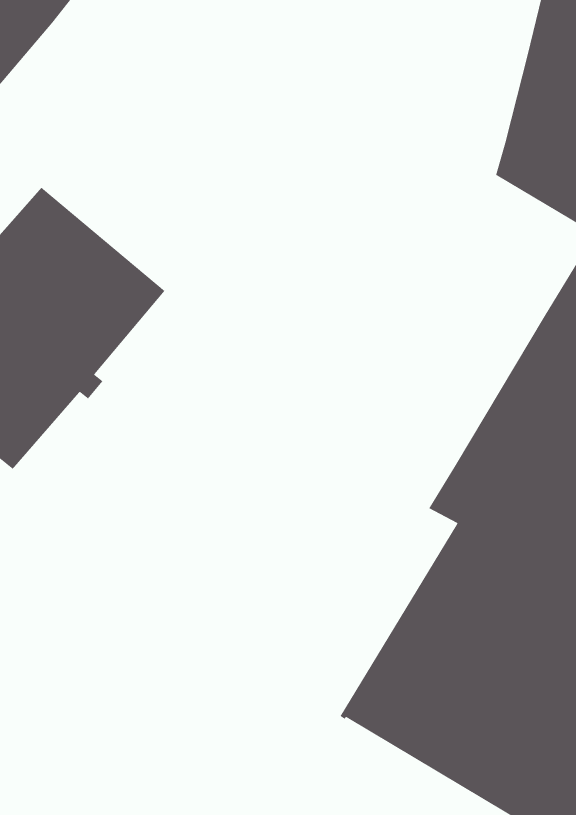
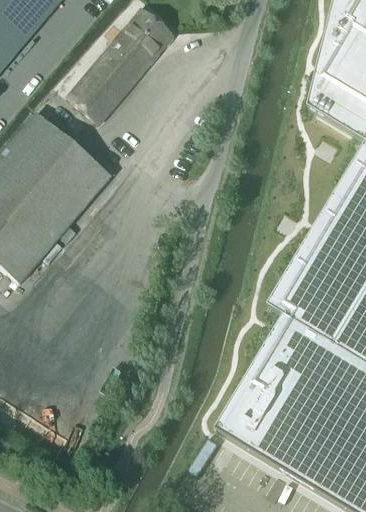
building: none -> [66,6,174,122]

